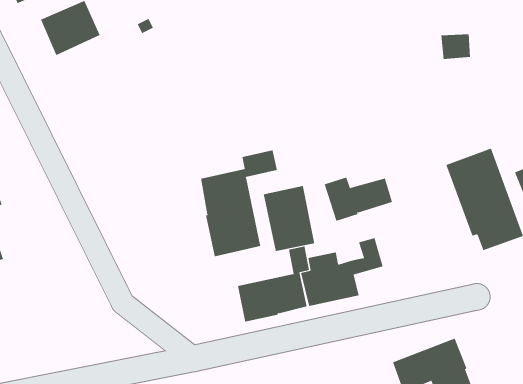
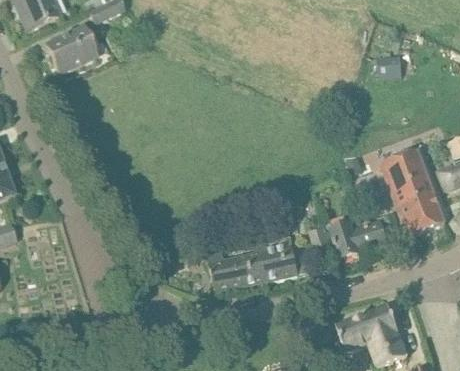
building: [200,149,277,257] -> none
building: [324,177,393,222] -> [330,221,387,258]
building: [263,185,315,252] -> none

